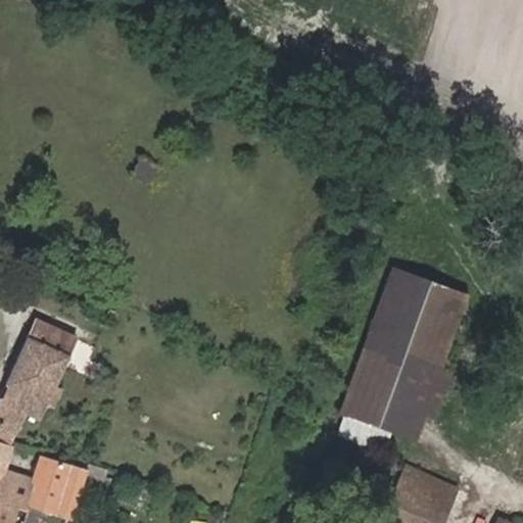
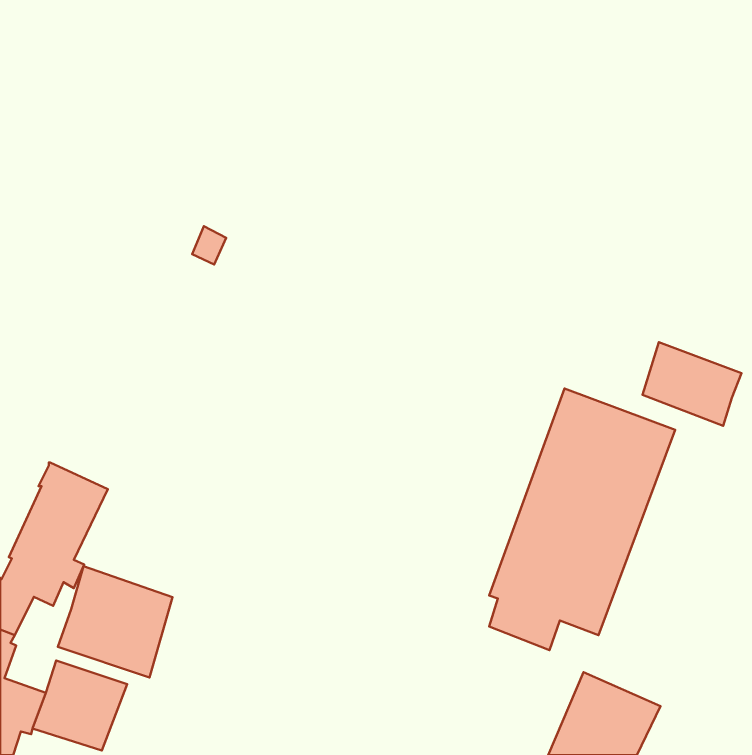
building: none -> [643,342,742,426]
building: none -> [58,566,173,678]

